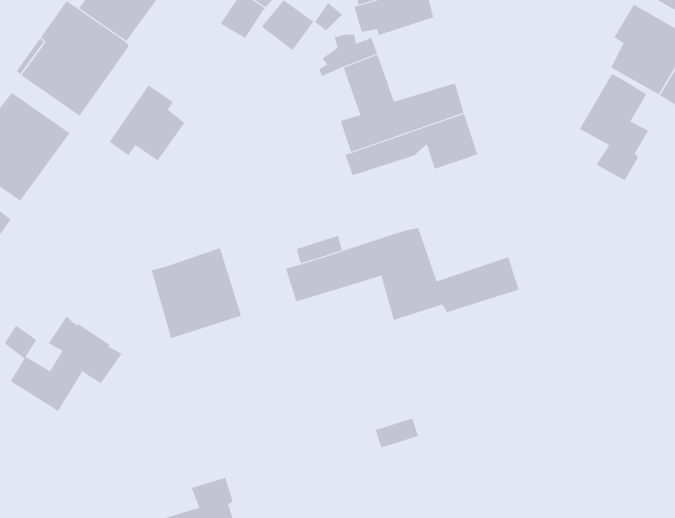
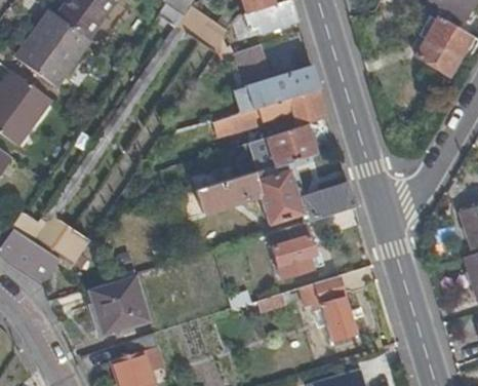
building: [579,73,649,181] -> none
building: [109,85,185,161] -> none
building: none -> [267,123,315,164]
building: [151,247,242,339] -> [89,272,151,334]
building: none -> [268,220,320,276]
building: none -> [298,273,356,341]

